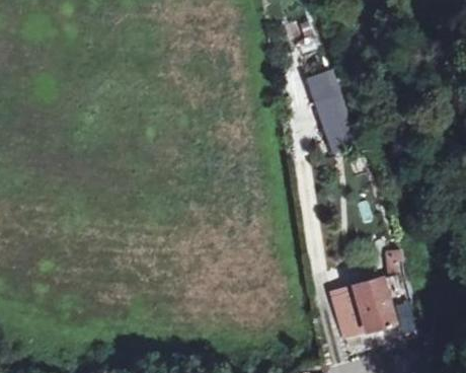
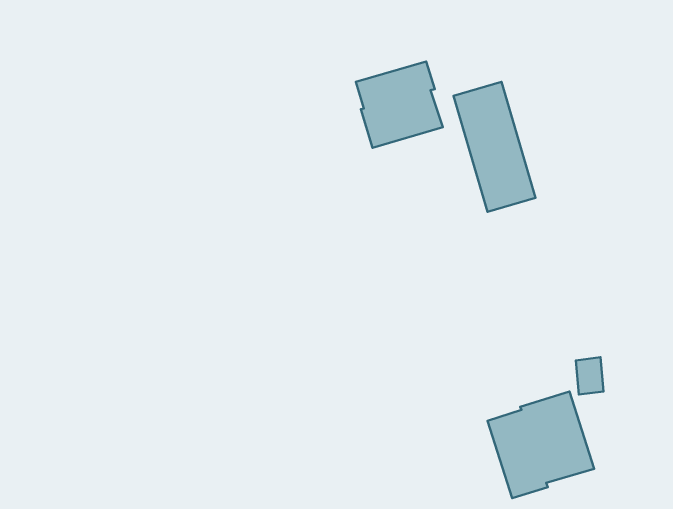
building: none -> [356,61,443,148]

